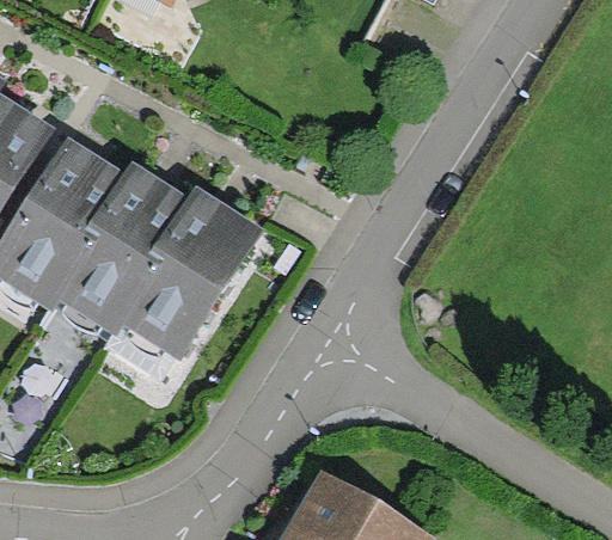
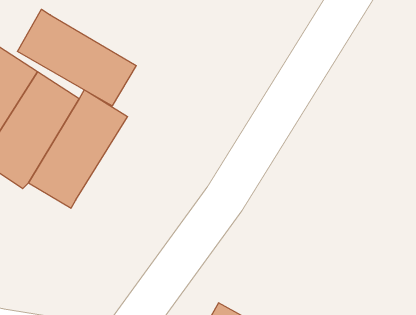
building: none -> [17,9,136,106]
building: [114,191,265,368] -> none

